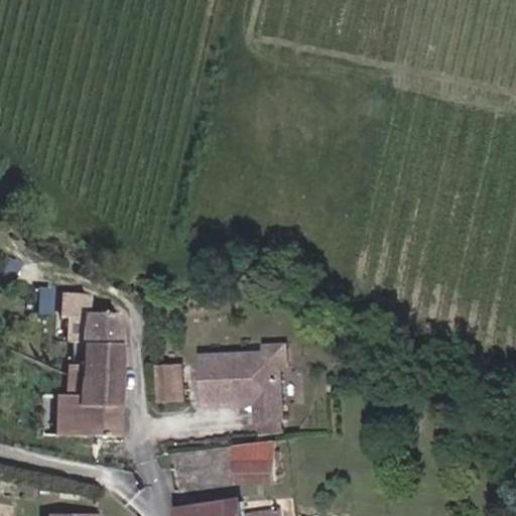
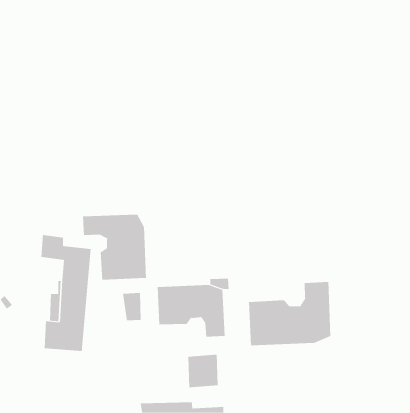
building: none -> [82,214,147,280]
building: none -> [249,281,331,346]

